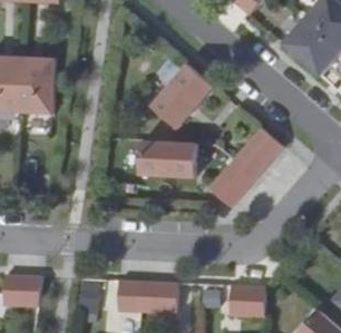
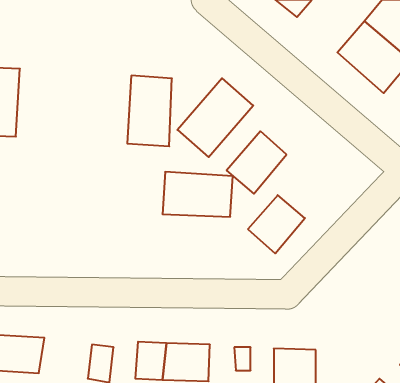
building: [18,57,55,115] -> [127,76,172,146]
building: [233,128,282,179] -> [227,131,286,194]

